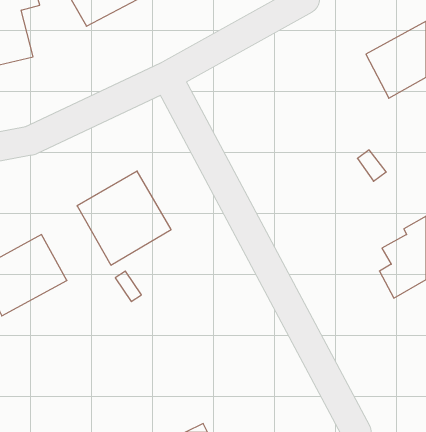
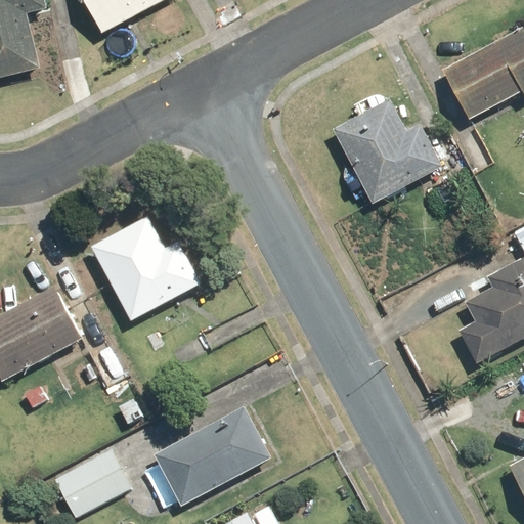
building: none -> [334,98,443,203]
building: none -> [151,407,269,509]
building: none -> [55,449,133,518]

